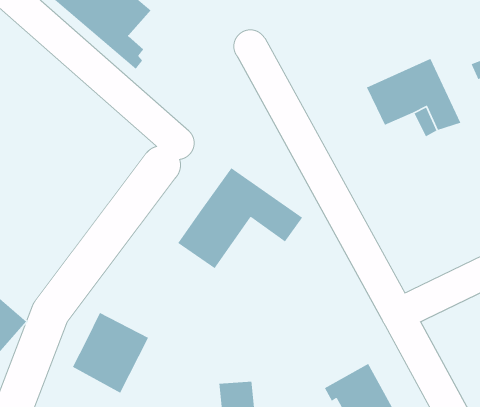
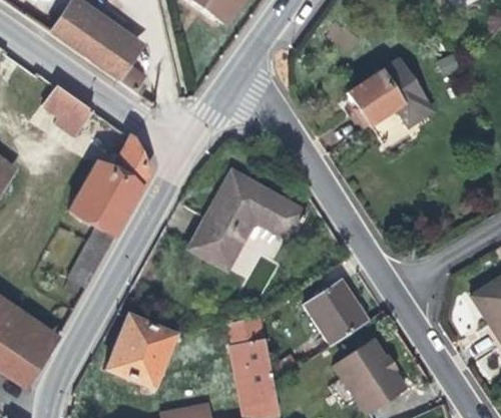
building: none -> [41,86,90,136]
building: none -> [67,138,148,287]
building: none -> [304,281,366,346]
building: none -> [231,318,270,370]

